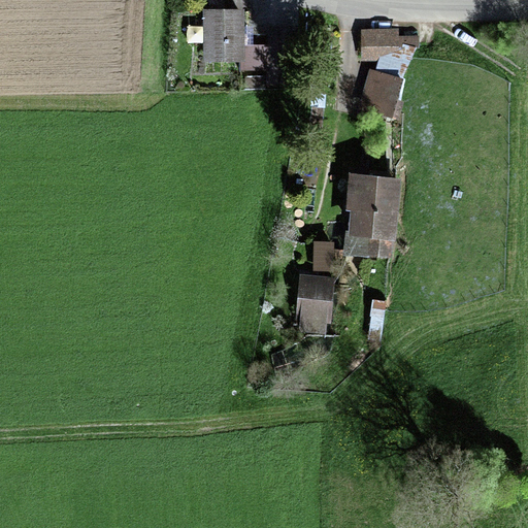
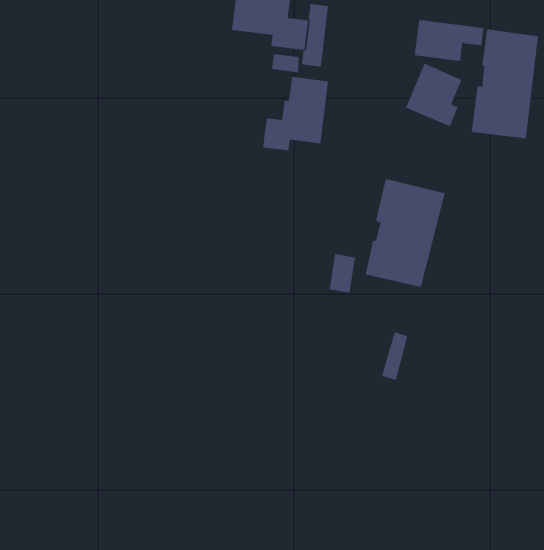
building: none -> [471,29,539,139]
building: none -> [263,76,329,151]
building: [295,275,334,335] -> none

